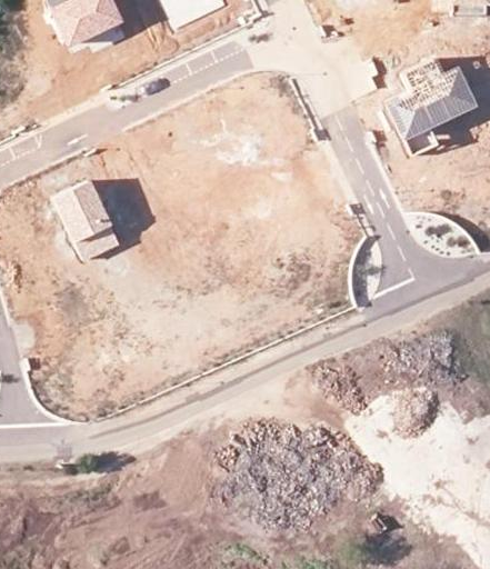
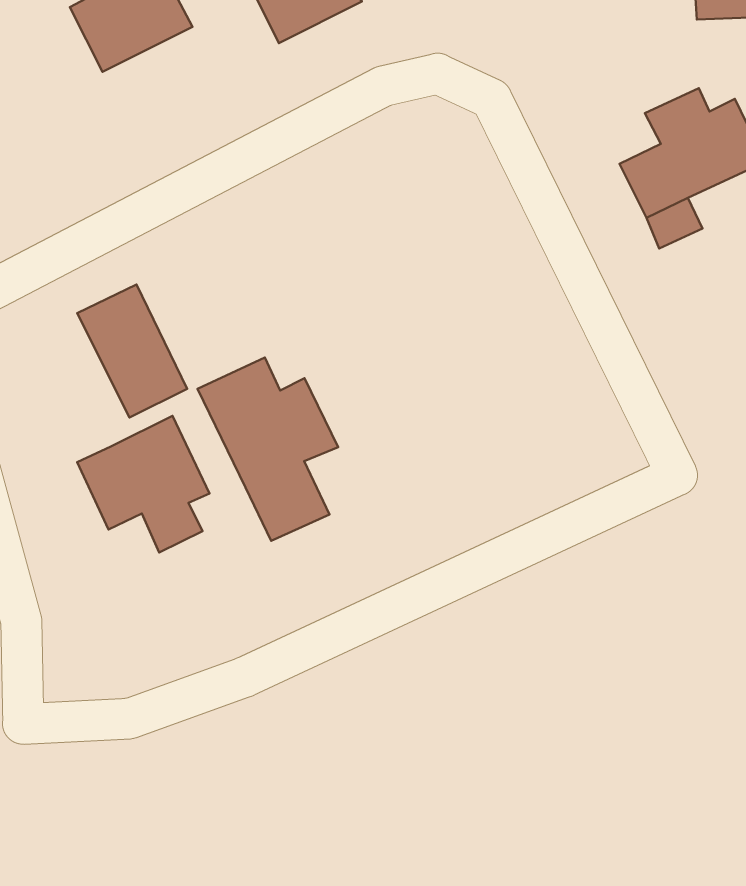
building: none -> [197,358,338,541]
building: none -> [77,416,209,552]

